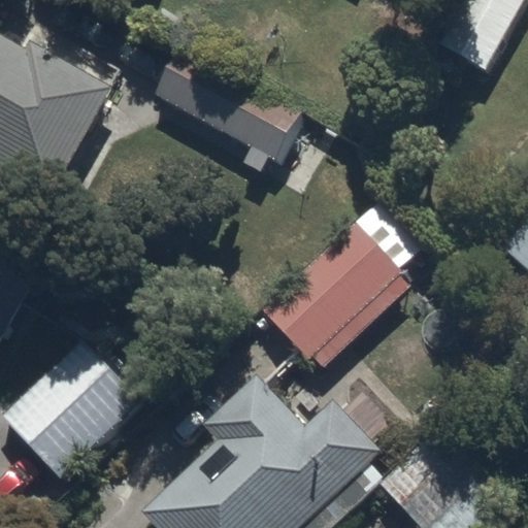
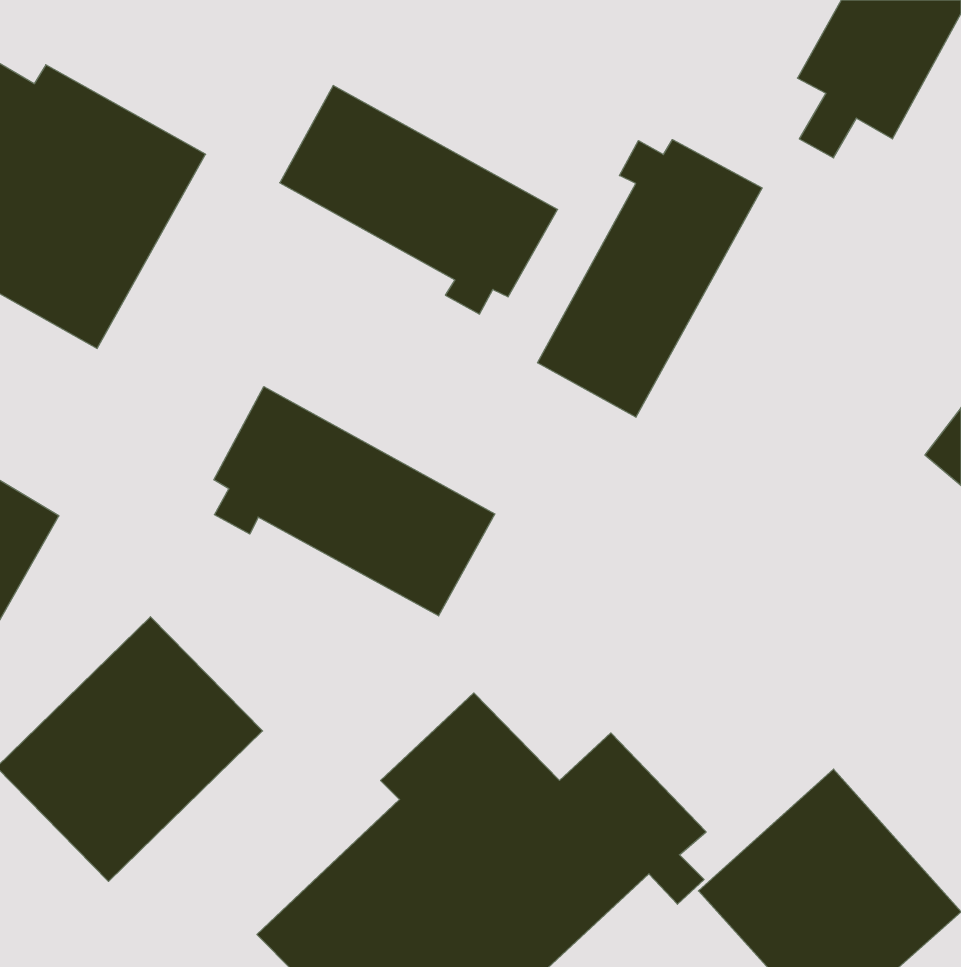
building: none -> [538,140,762,417]
building: [261,205,418,372] -> none
building: none -> [214,387,495,616]

